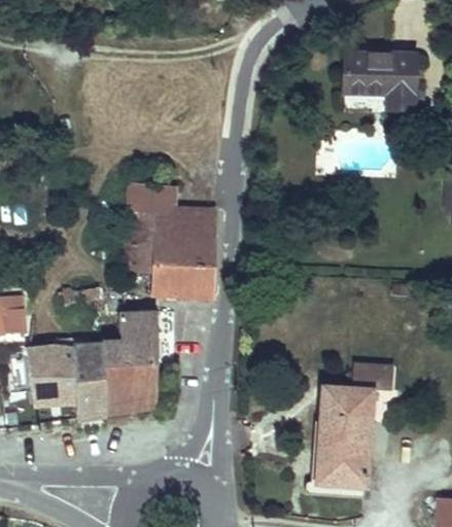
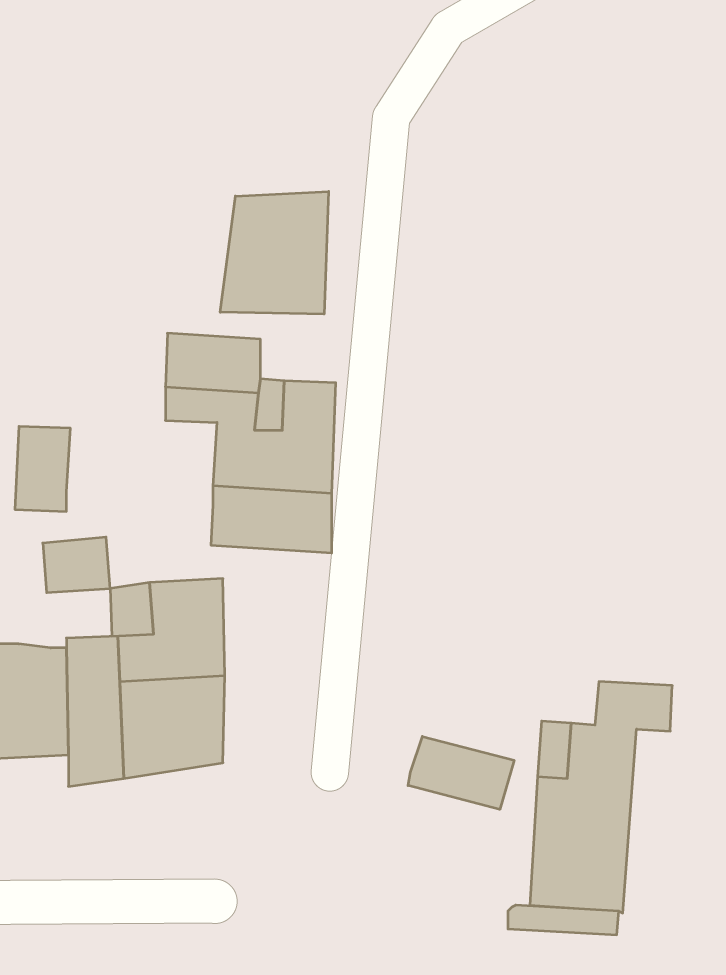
building: [344,51,415,108] -> none
building: none -> [220,191,329,314]
building: [126,227,154,272] -> [15,426,70,511]
building: none -> [408,736,514,809]

